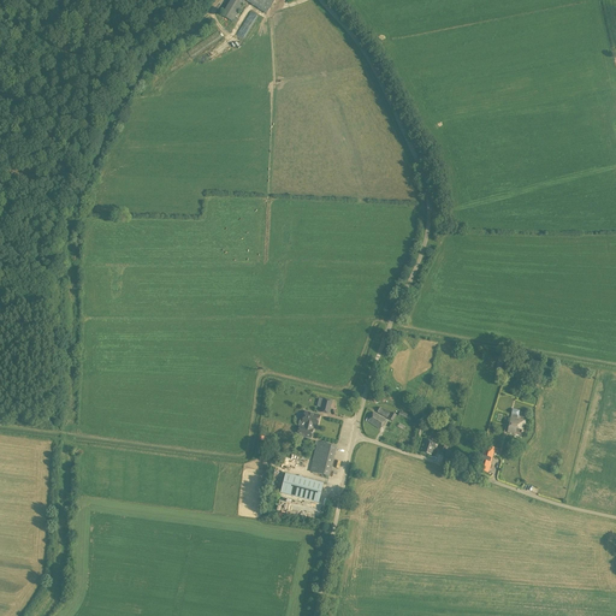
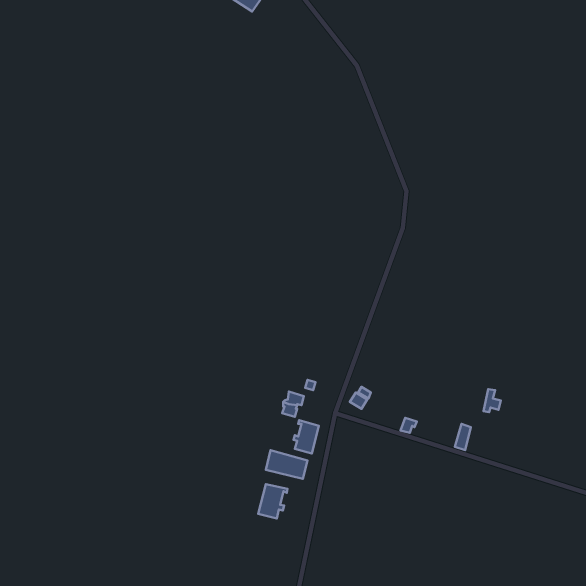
building: none -> [258,484,287,518]

